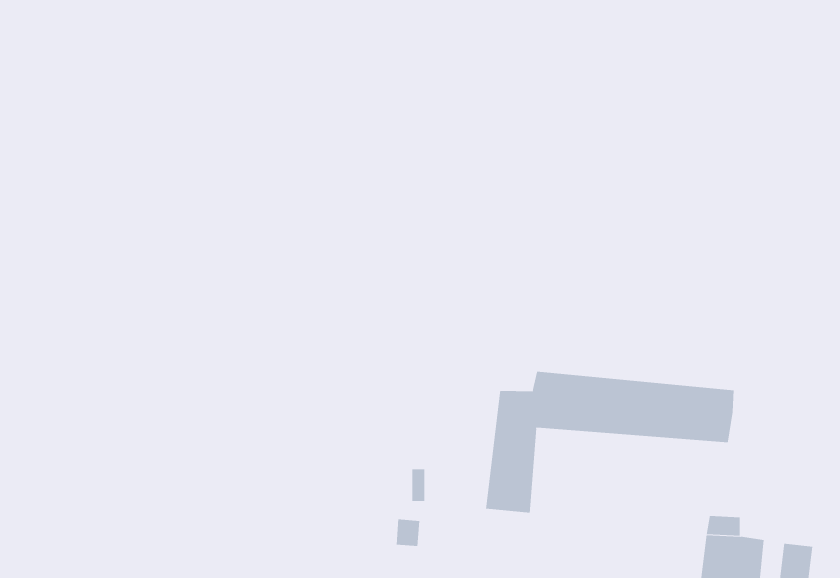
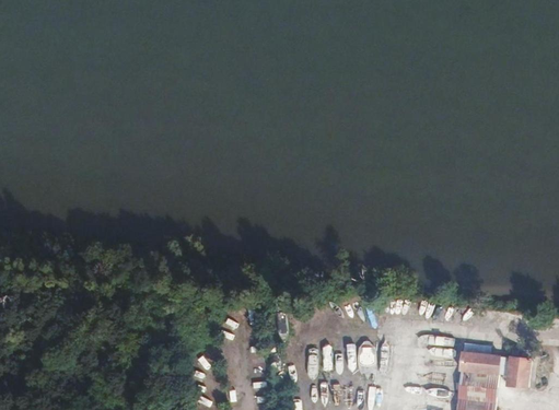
building: [486,371,734,514] -> none

